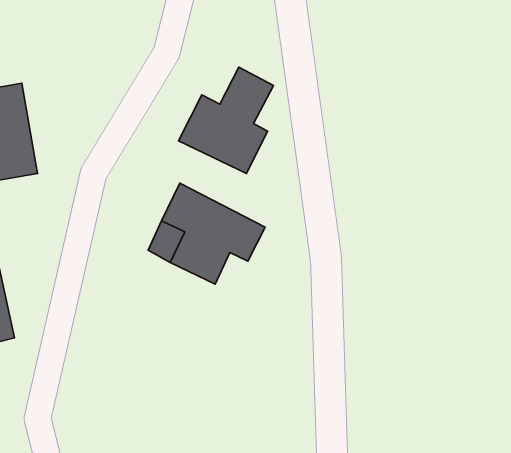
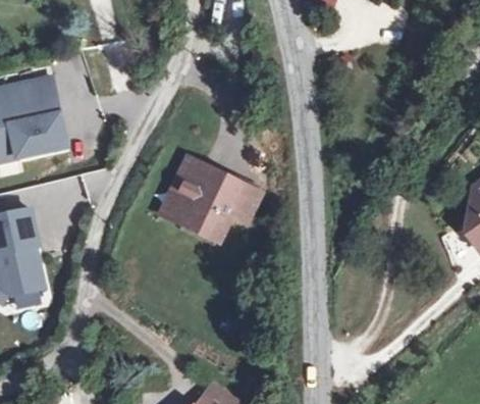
building: [178,67,274,173] -> none

